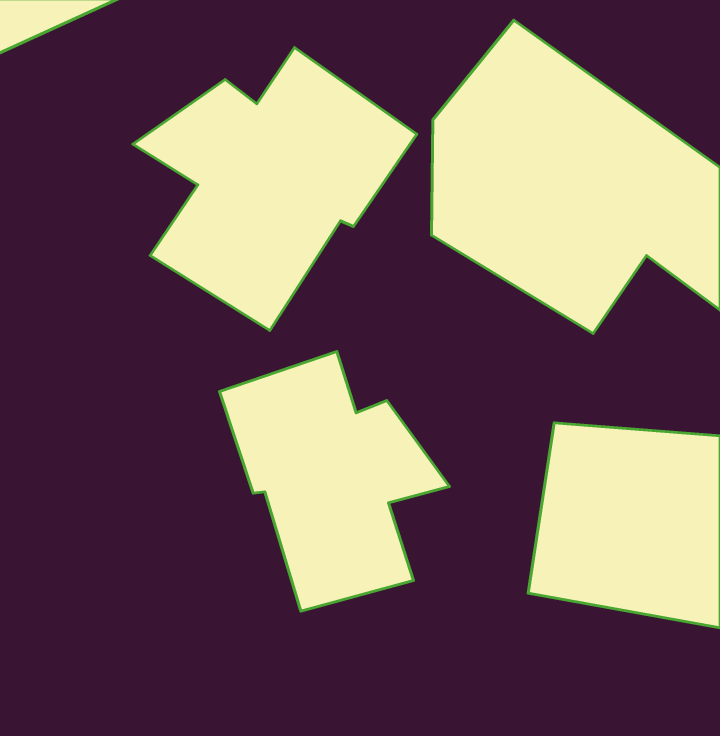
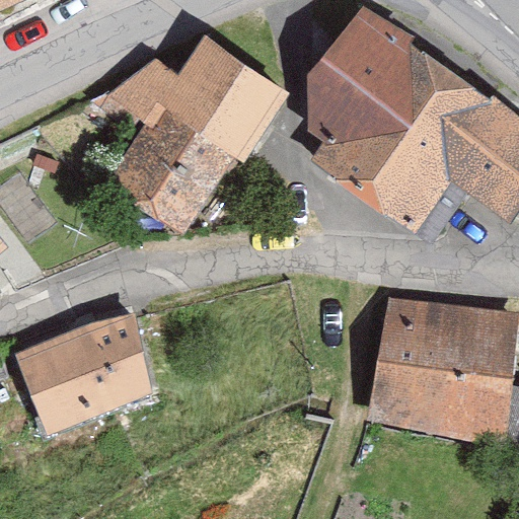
building: [220,351,449,611] -> none
building: none -> [17,314,158,428]

